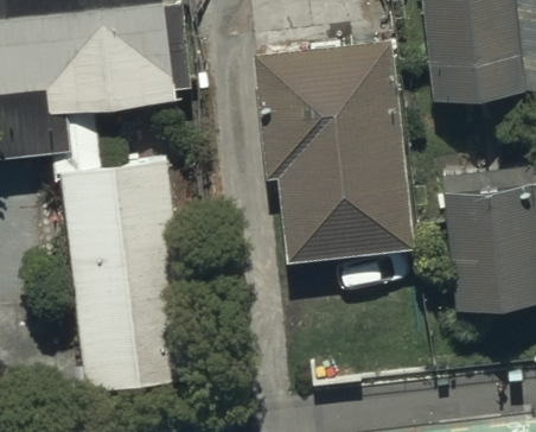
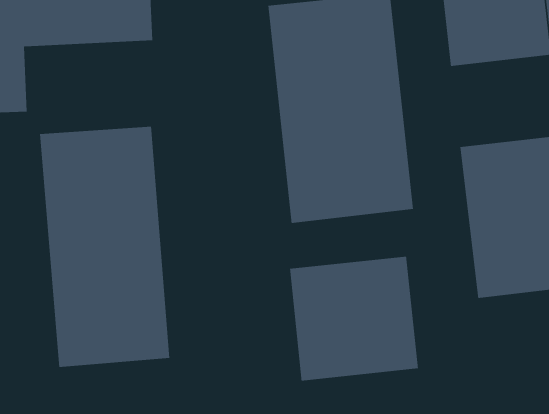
building: none -> [289,256,418,381]

